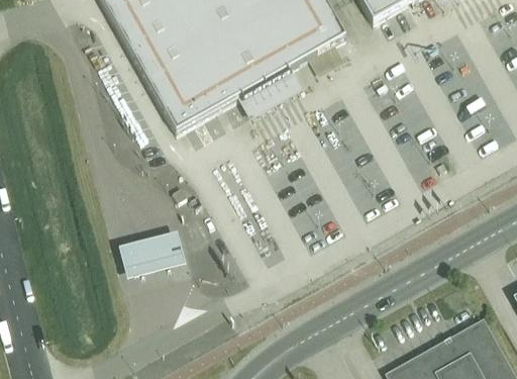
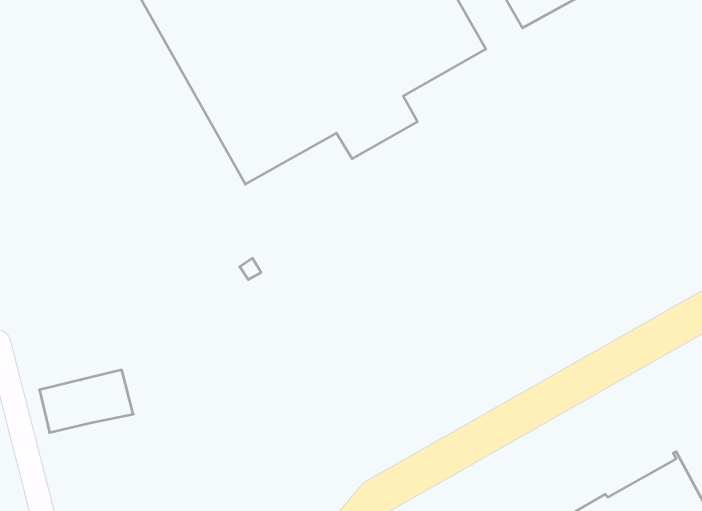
building: [117,227,184,272] -> [39,370,133,433]

